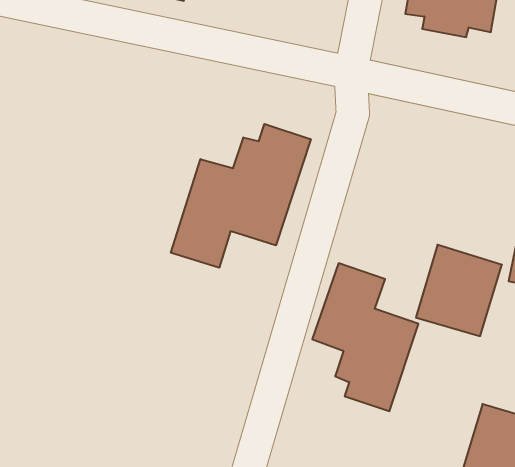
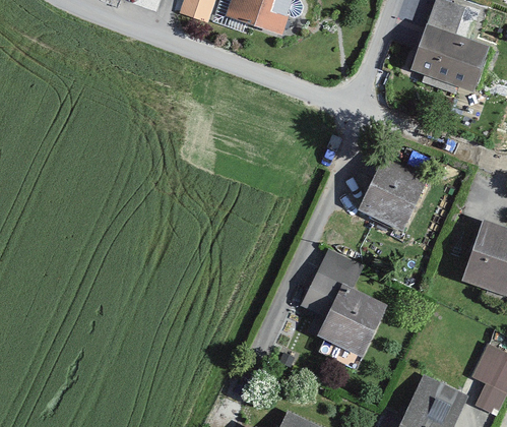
building: [171,124,311,268] -> none
building: [416,245,502,336] -> [358,159,429,233]

